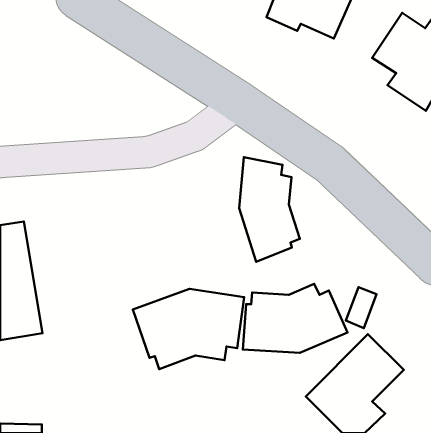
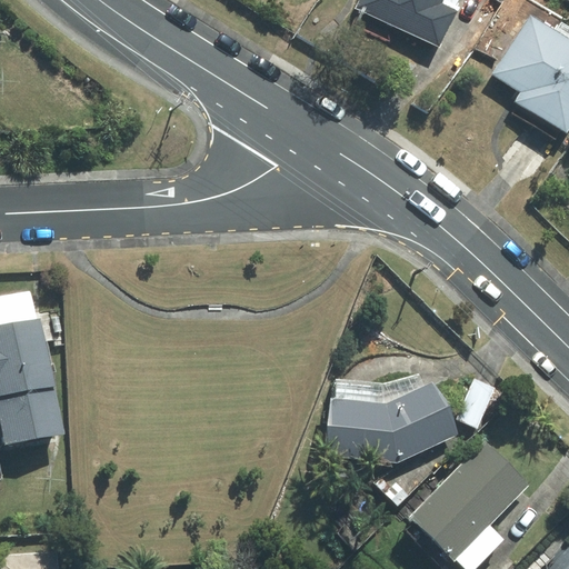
building: [239,157,300,262] -> none
building: [133,289,244,369] -> none

